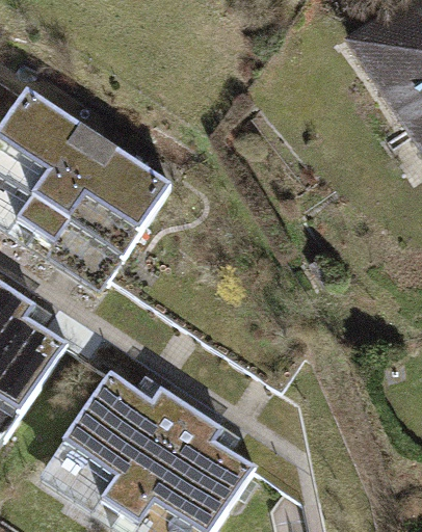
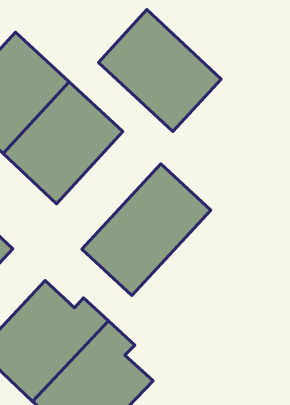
building: none -> [99,10,221,131]
building: none -> [82,164,211,295]

